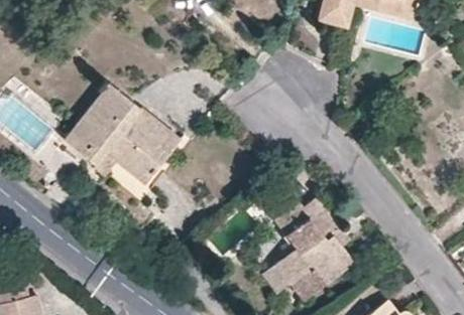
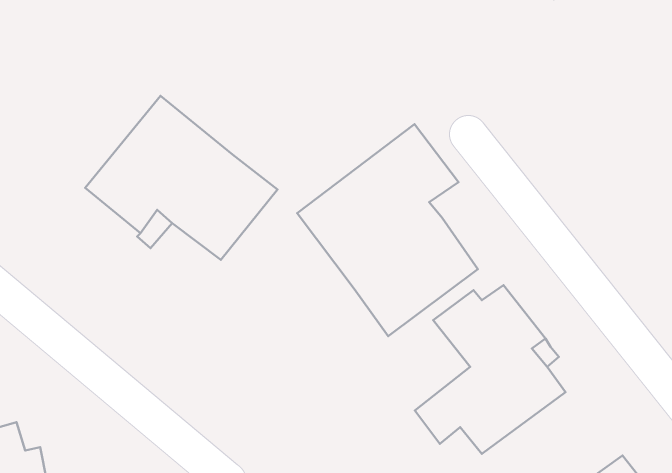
building: none -> [297,124,478,336]

